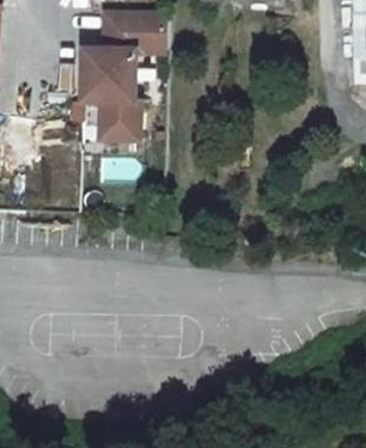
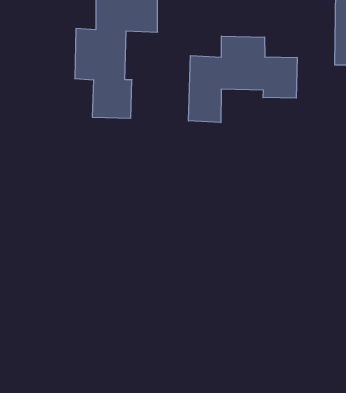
building: none -> [189,36,297,123]

